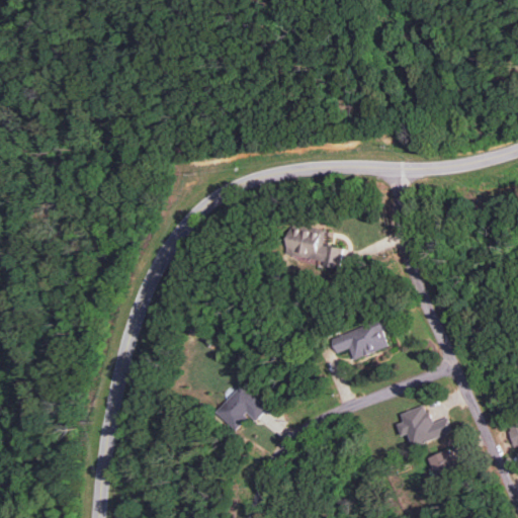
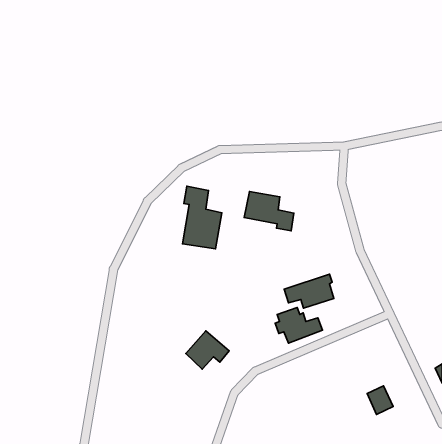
building: none -> [183,186,222,249]
building: [397,406,451,447] -> [275,307,322,343]

